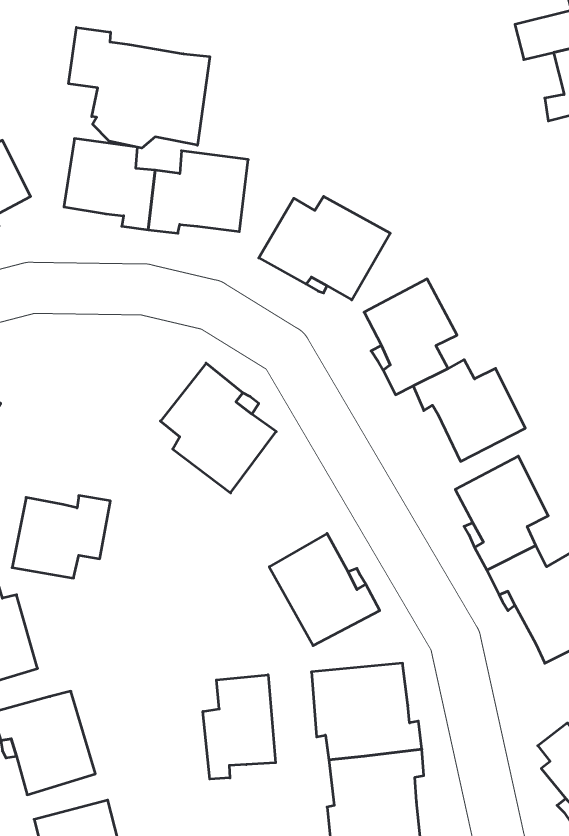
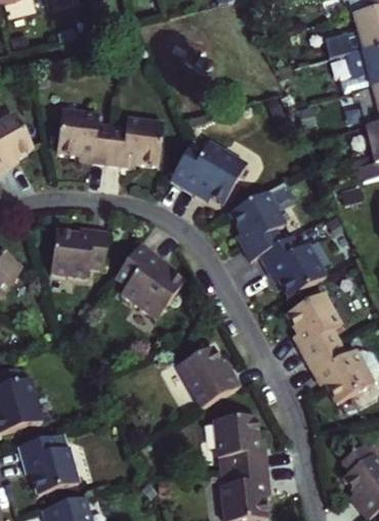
building: [69,27,210,148] -> none
building: [12,496,110,578] -> [50,227,108,275]
building: [203,675,276,779] -> none

